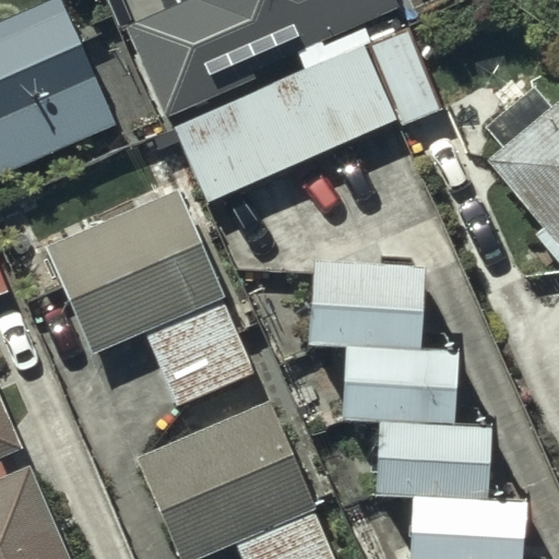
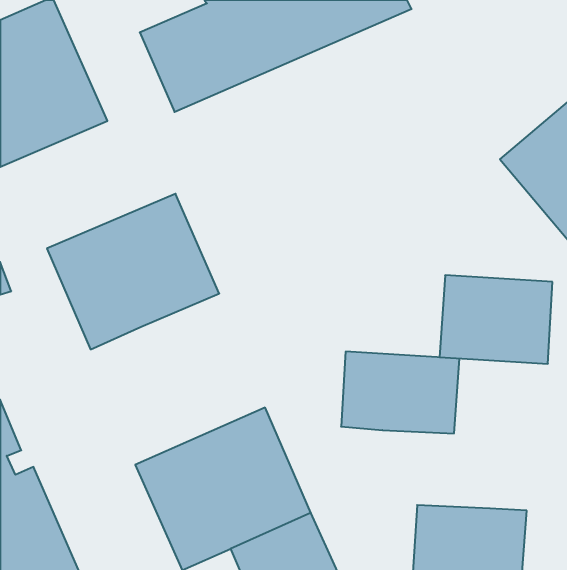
building: [180,50,397,198] -> none
building: [309,263,419,349] -> [439,275,552,364]
building: [142,288,252,400] -> none
building: [373,421,487,498] -> none

